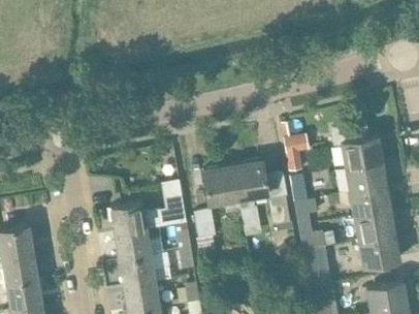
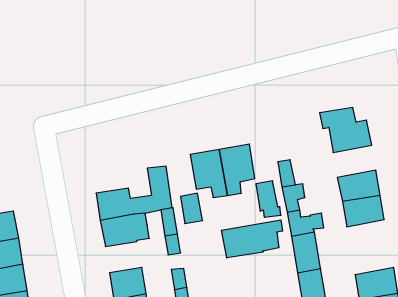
building: [284,136,309,174] -> none
building: [345,162,387,194] -> none
building: [358,236,400,268] -> none
building: none -> [222,220,283,258]
building: [120,257,170,288] -> none

